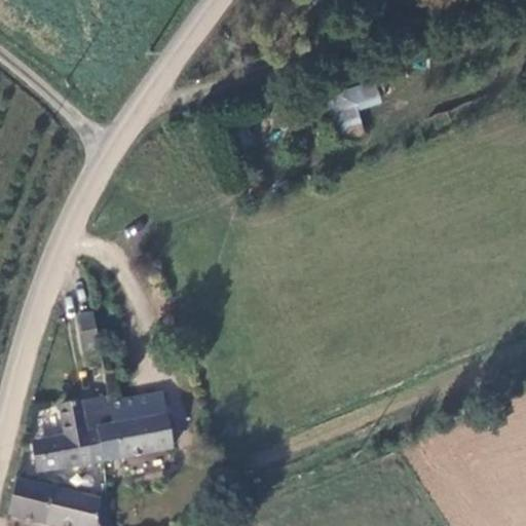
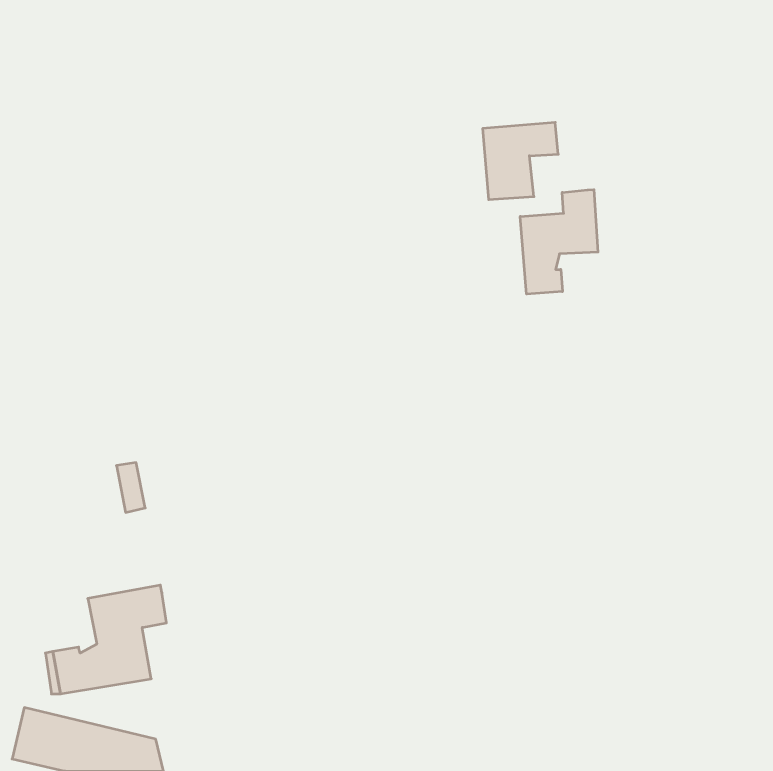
building: none -> [520,190,598,294]
building: [97,393,173,461] -> none

